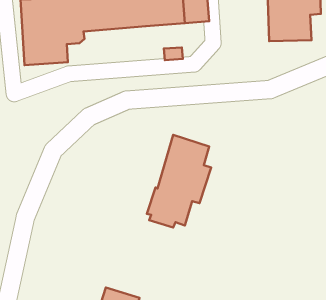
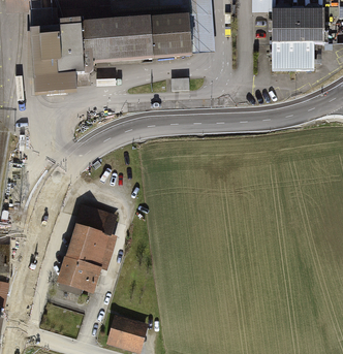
building: [147,135,211,227] -> [55,202,118,293]

